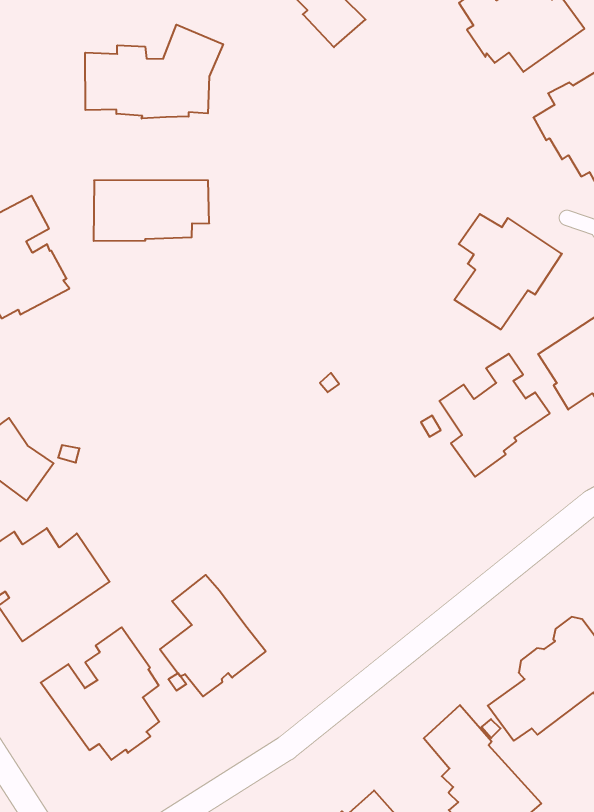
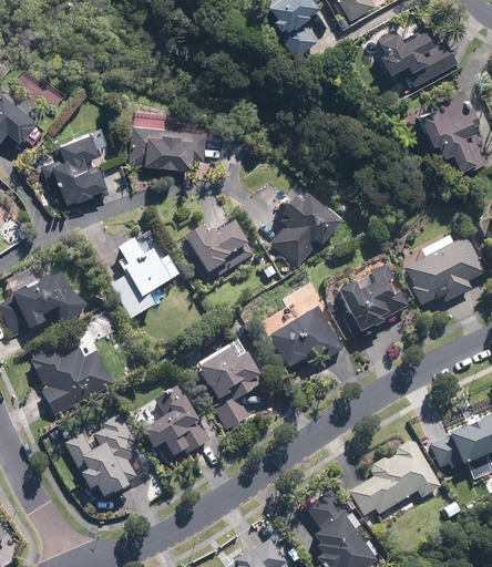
building: [85,25,223,119] -> none
building: [454,214,562,329] -> [270,190,342,266]
building: none -> [186,221,254,284]
building: none -> [111,238,173,319]
building: none -> [270,307,344,368]
building: none -> [198,348,264,430]

